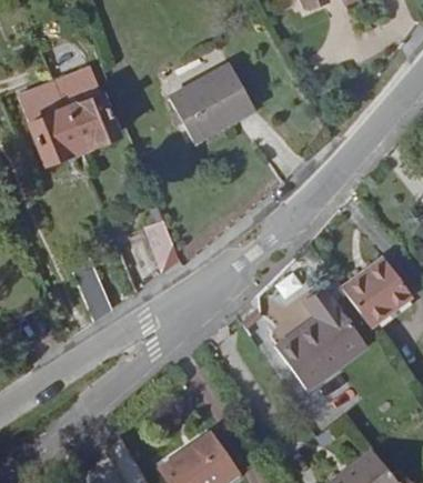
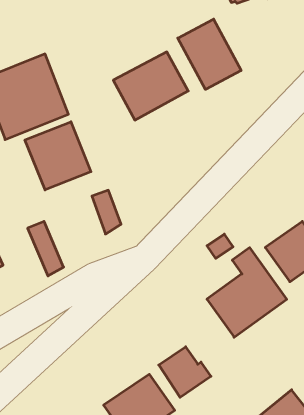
building: none -> [178,19,241,89]
building: none -> [25,122,91,190]
building: none -> [159,347,211,397]

